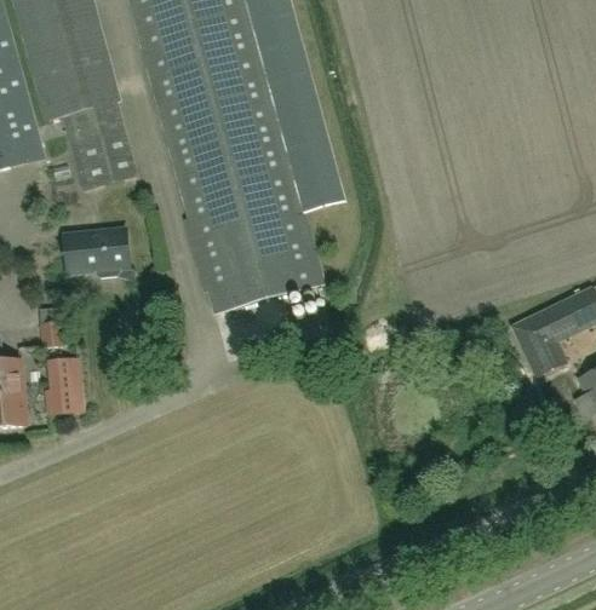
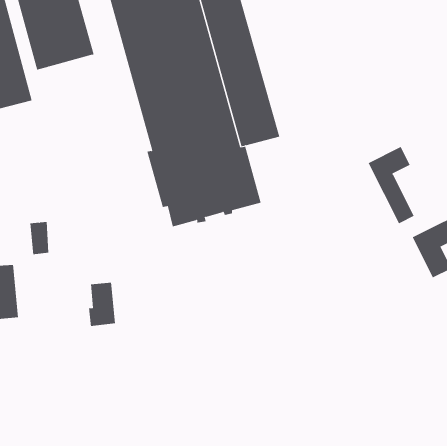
building: [62,100,134,189] -> none
building: none -> [368,146,415,224]
building: [62,226,128,276] -> none
building: [47,358,81,413] -> [88,282,116,326]

